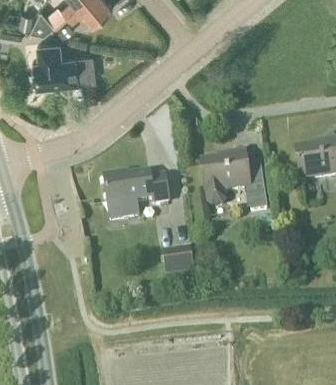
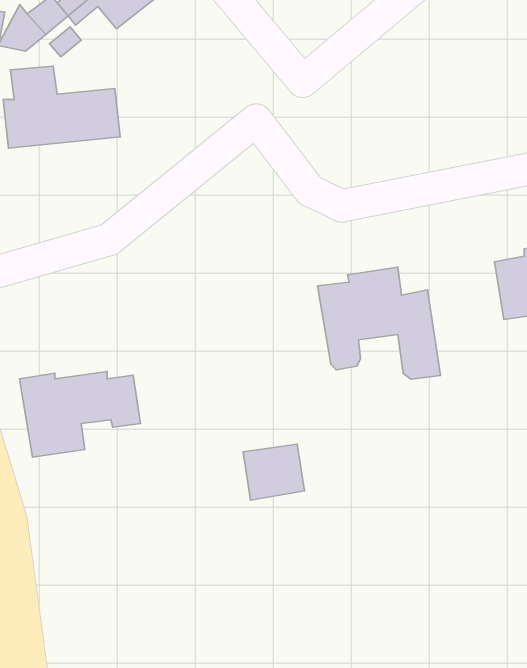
building: [104,174,169,220] -> [20,371,141,457]

